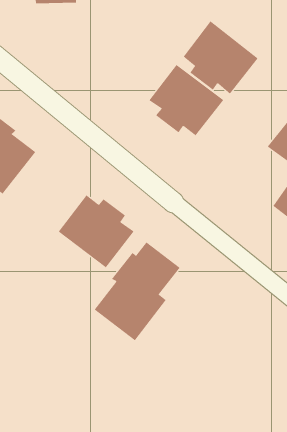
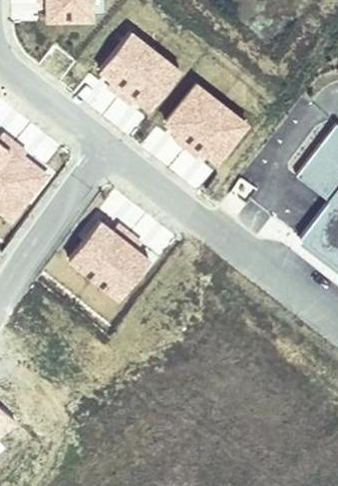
building: [183,21,259,94] -> [101,31,182,109]
building: [94,242,181,341] -> none

